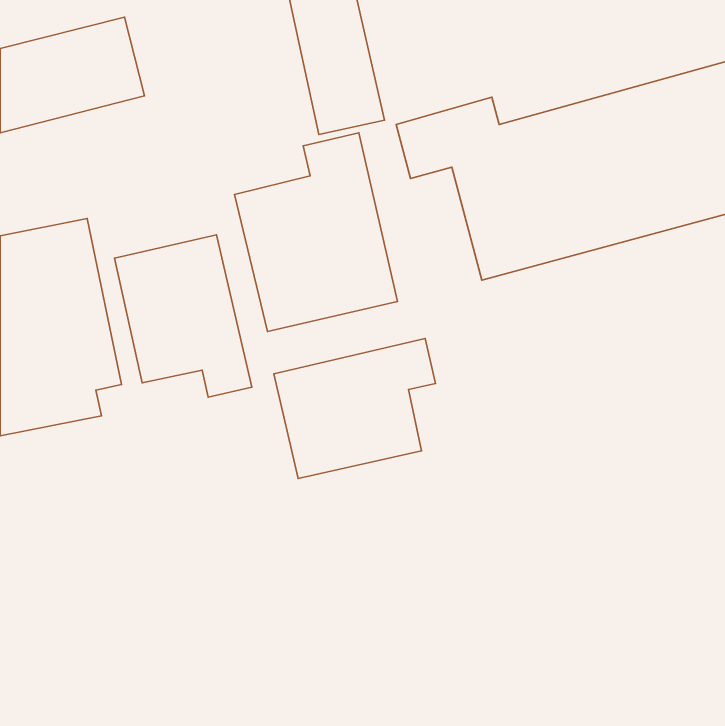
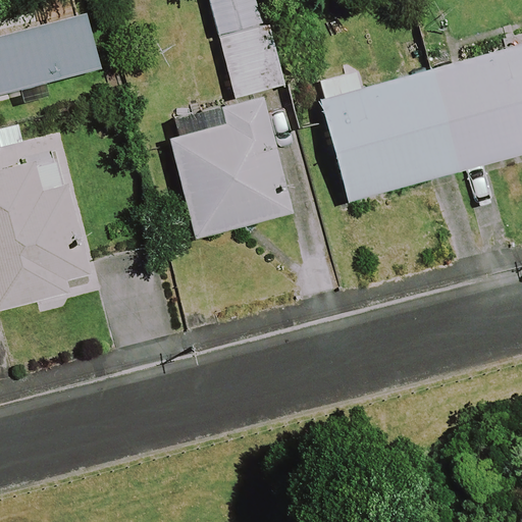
building: [114,235,252,397] -> none
building: [274,339,435,478] -> none

